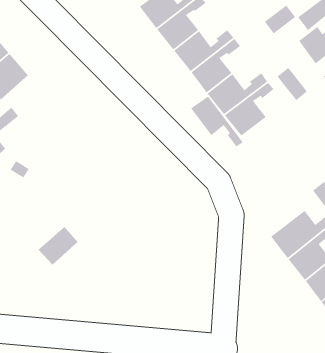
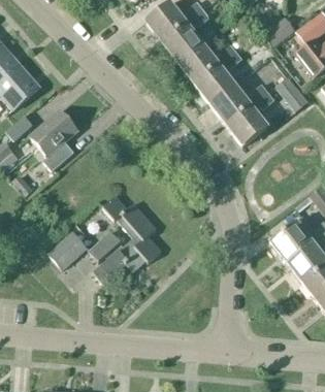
building: [190,95,244,147] -> none
building: none -> [29,109,77,170]
building: none -> [88,196,161,285]

